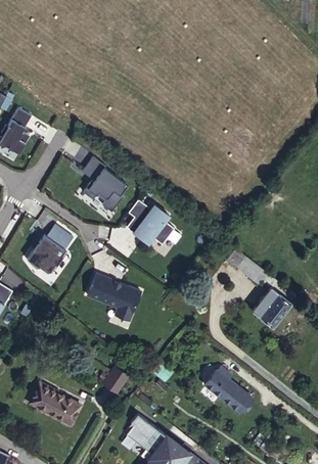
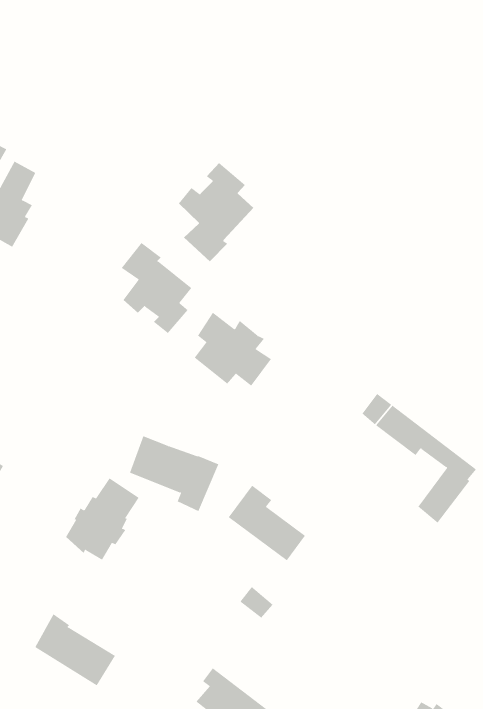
building: none -> [178,162,254,262]
building: [31,225,76,275] -> [65,477,140,561]
building: [101,364,129,391] -> none
building: [203,365,251,411] -> [228,485,306,561]

